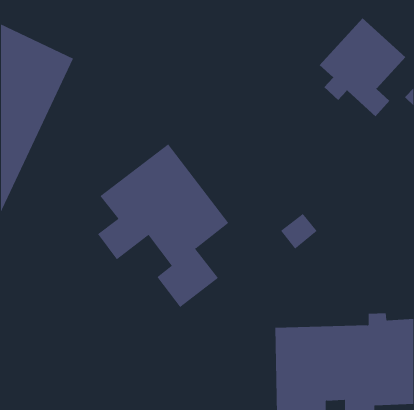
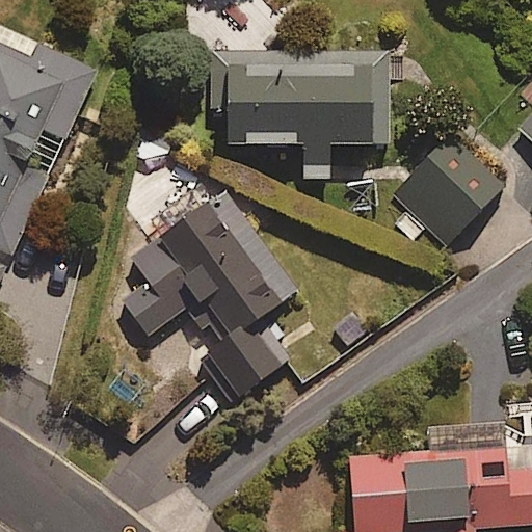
building: [319,17,406,117] -> [391,136,503,264]
building: none -> [214,53,393,181]

